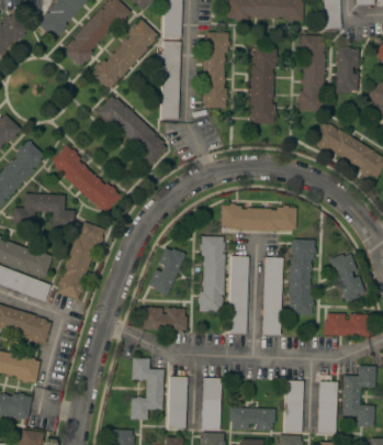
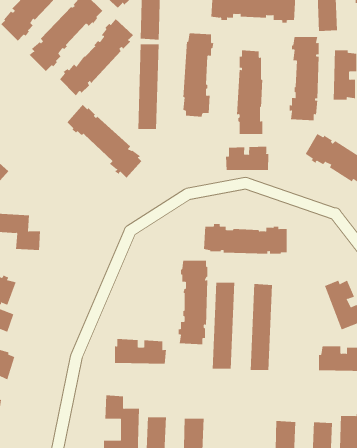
building: none -> [225,146,269,171]
building: [52,145,121,212] -> none
building: [55,221,104,299] -> none
building: [289,238,316,315] -> none
building: [148,247,185,296] -> none

